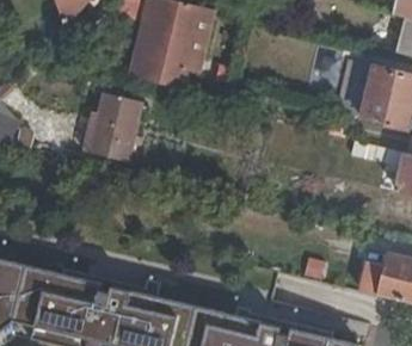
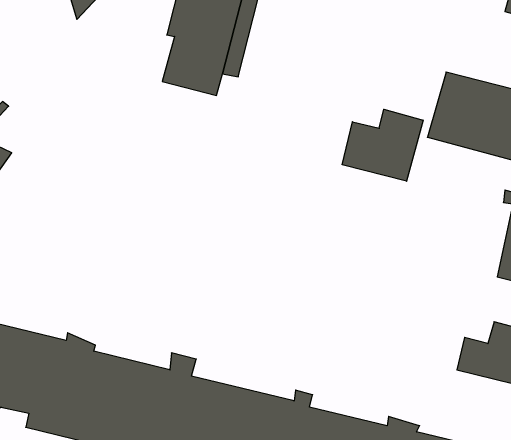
building: none -> [342,109,423,181]
building: [88,91,139,156] -> none

